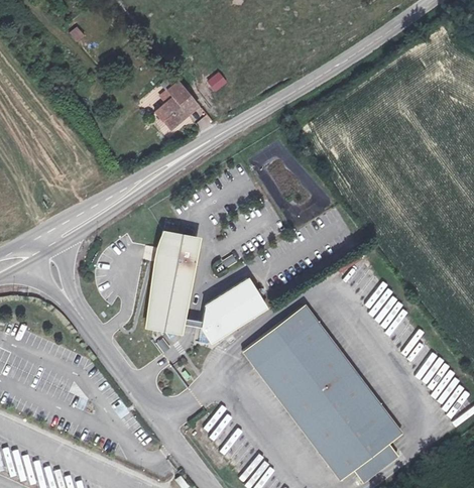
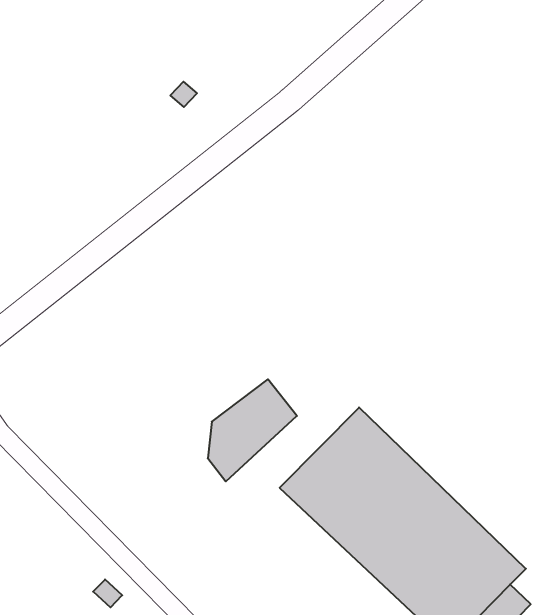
building: [155,83,198,129] -> none
building: [141,231,197,346] -> none

